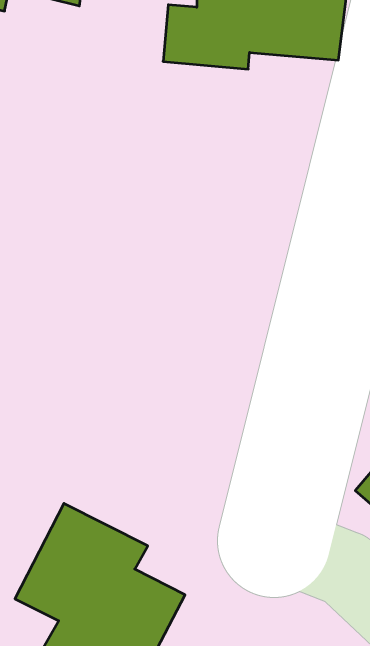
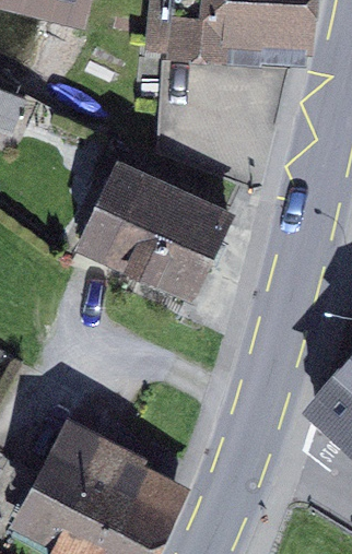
building: none -> [79,167,228,300]

